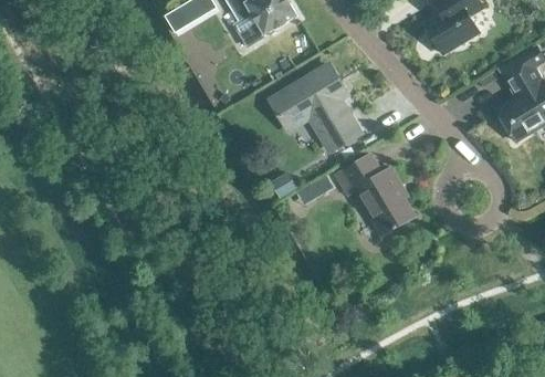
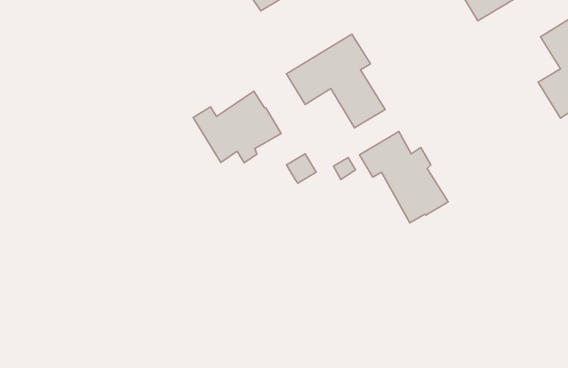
building: none -> [193,91,281,163]

